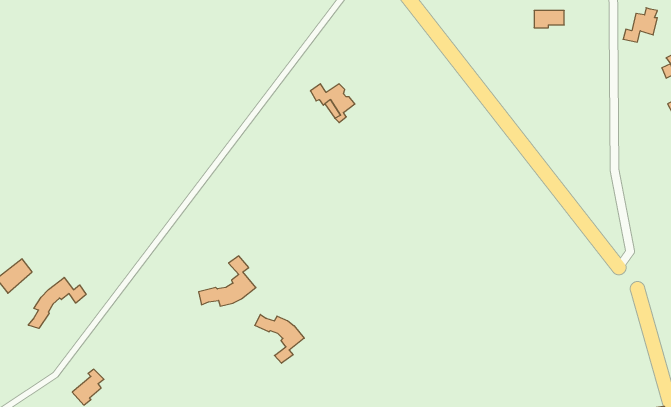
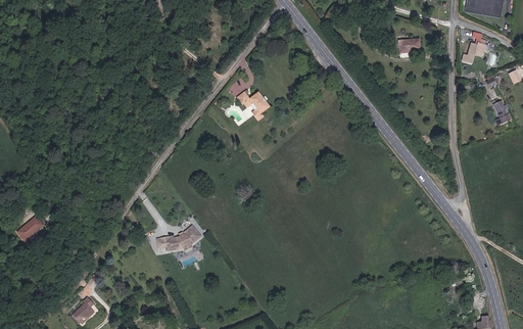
building: [28,277,86,328] -> none
building: [255,314,304,363] -> none

